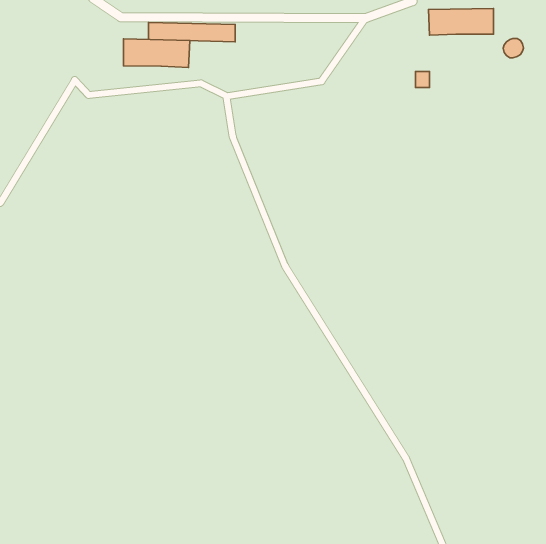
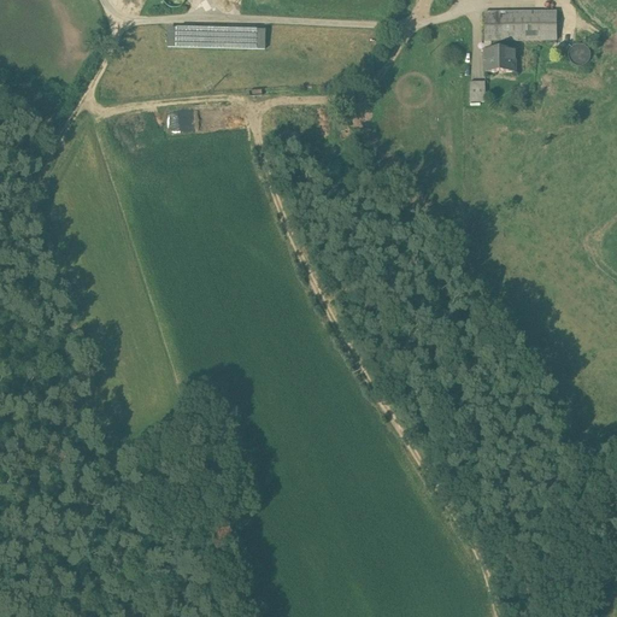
building: none -> [484,39,515,71]
building: [123,39,190,67] -> none

